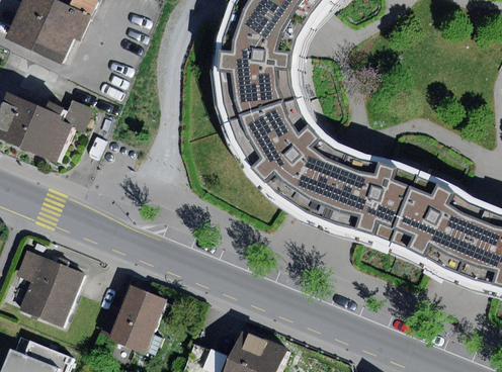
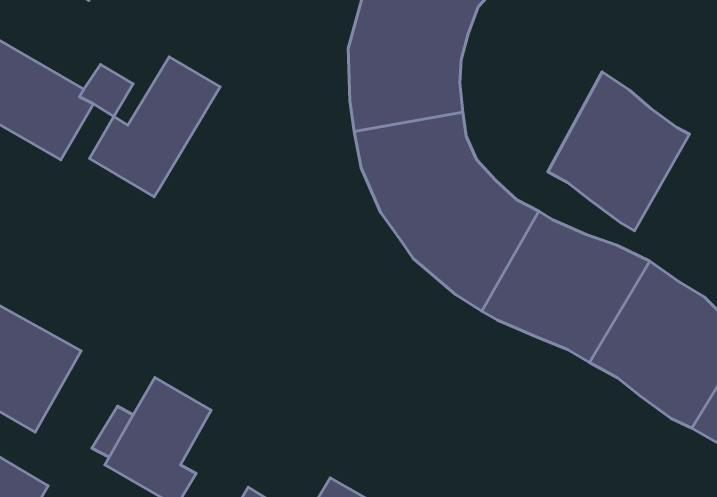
building: none -> [548,72,690,231]
building: none -> [89,57,220,197]

